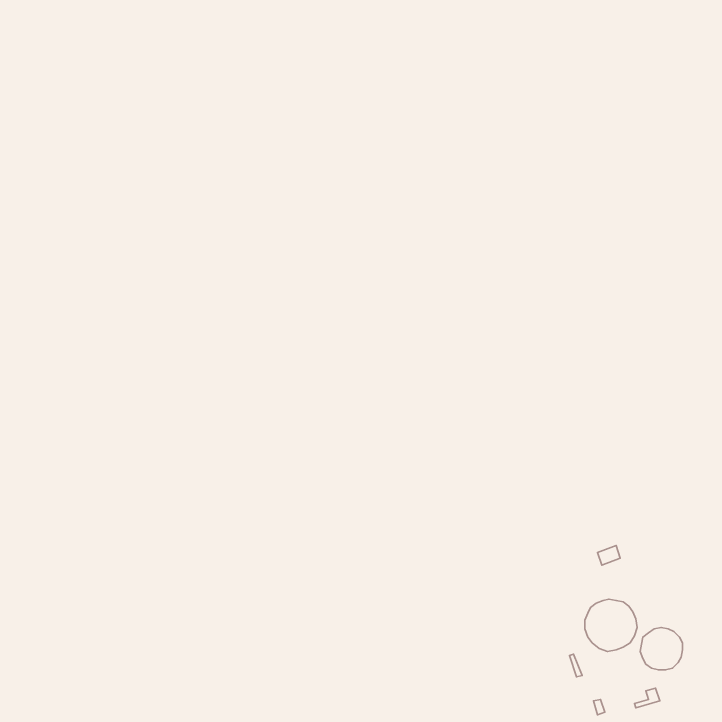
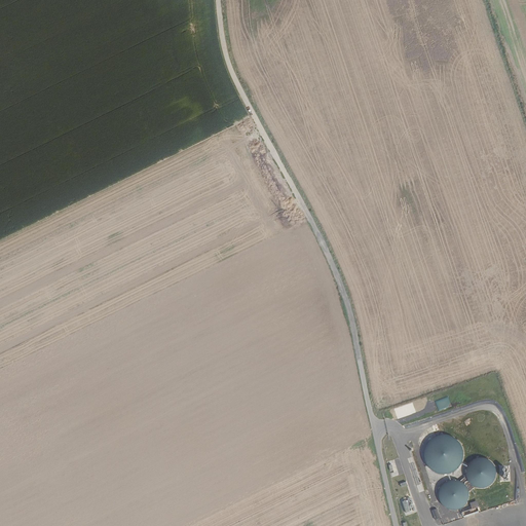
building: none -> [438,479,468,510]

